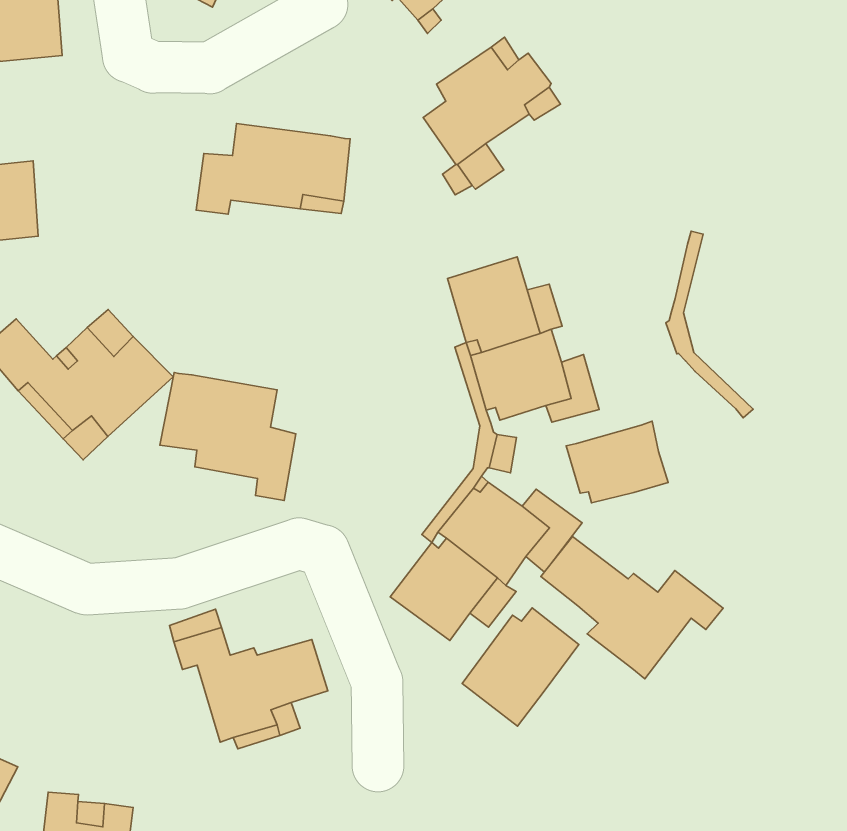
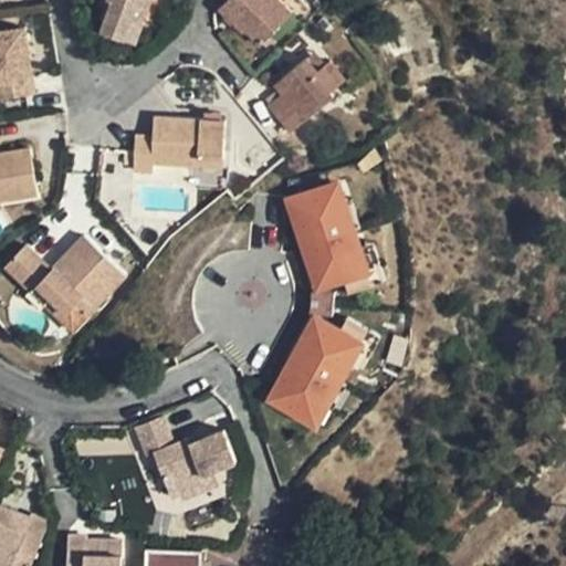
building: [666,231,753,418] -> none
building: [160,372,296,501] -> none
building: [566,421,668,503] -> none
building: [541,536,723,679] -> none
building: [462,608,579,726] -> none

